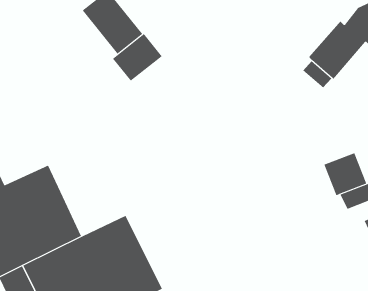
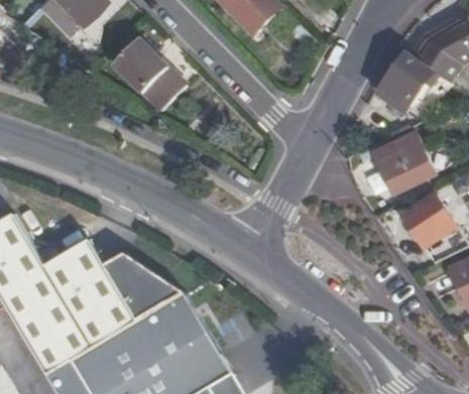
building: [112,33,163,82] -> none
building: none -> [374,130,435,190]
building: none -> [103,254,182,319]

